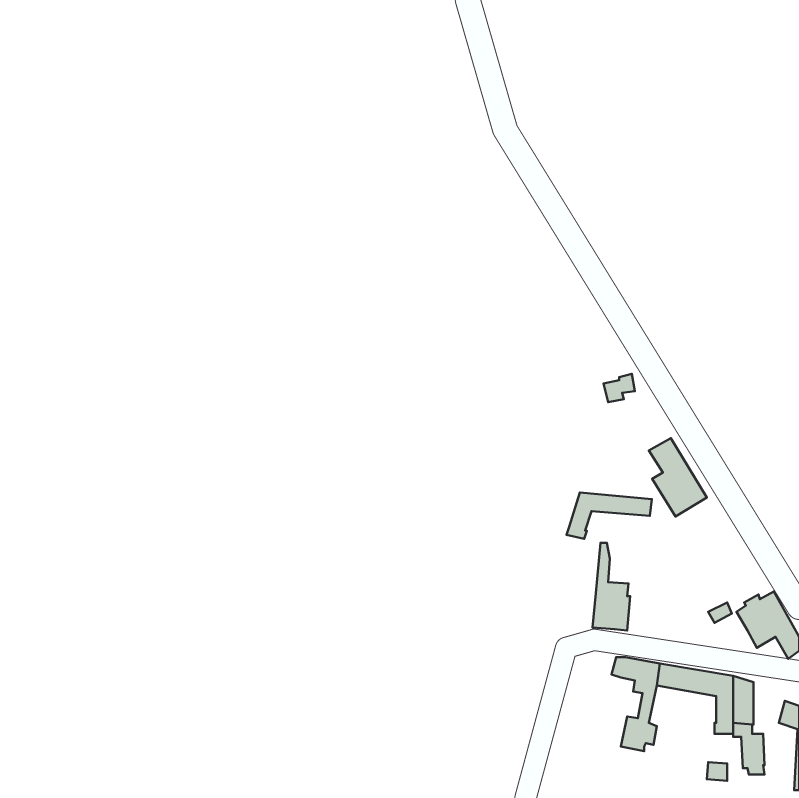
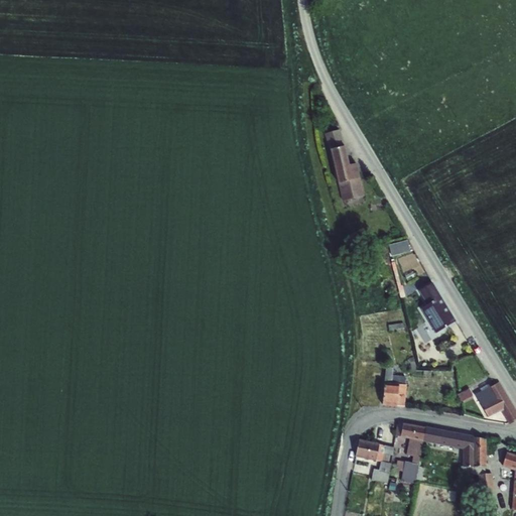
building: none -> [325,129,364,201]
building: [567,493,652,539] -> none
building: none -> [355,439,393,483]

